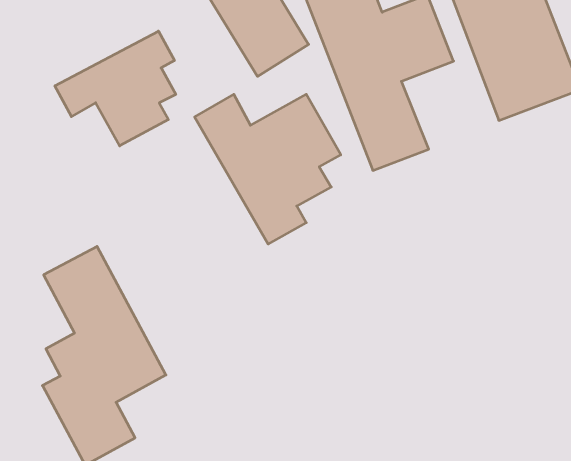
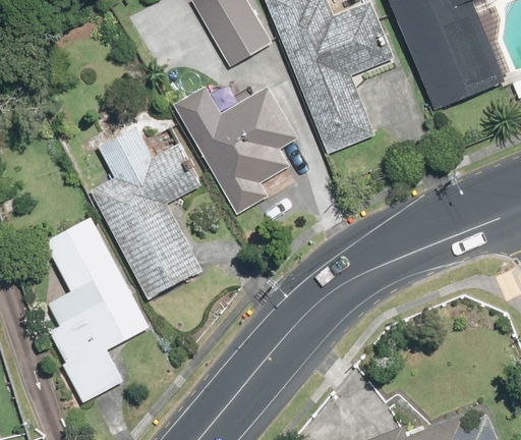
building: [55,31,176,146] -> none
building: none -> [91,124,204,296]

